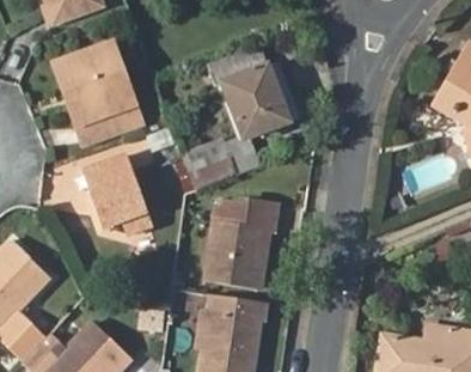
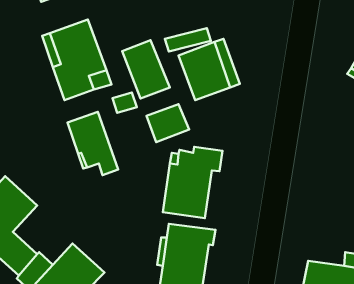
building: none -> [122,40,170,99]

